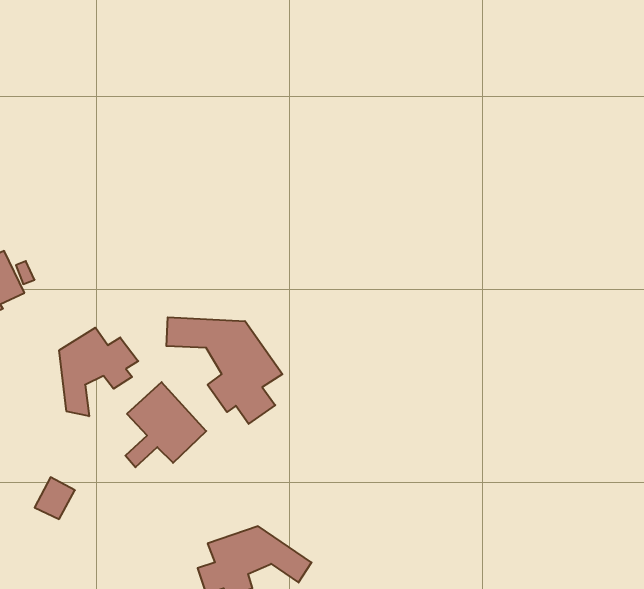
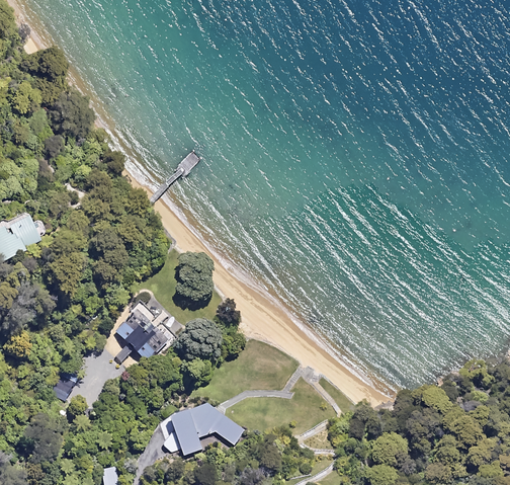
building: [166,317,282,424] -> none
building: [59,328,138,416] -> none

